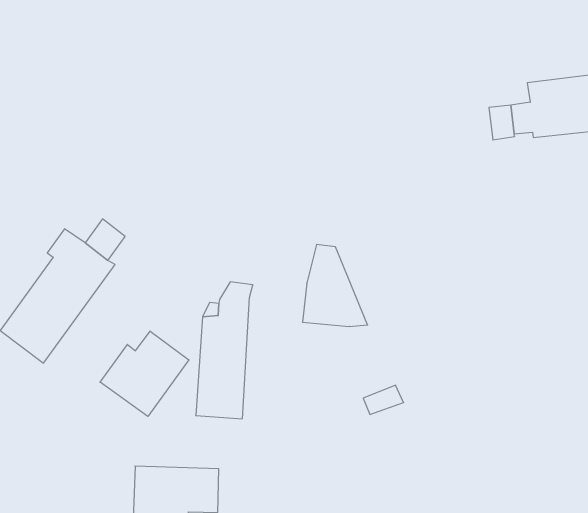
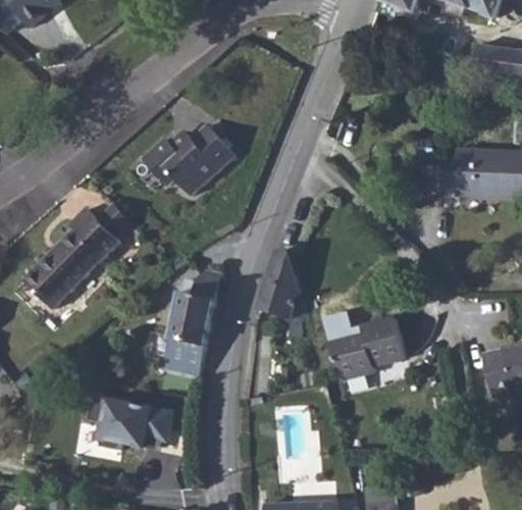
building: none -> [142,123,233,195]
building: none -> [329,317,405,379]
building: [100,331,189,416] -> none

